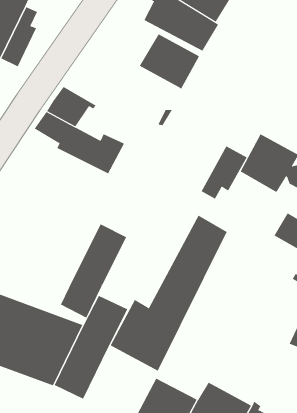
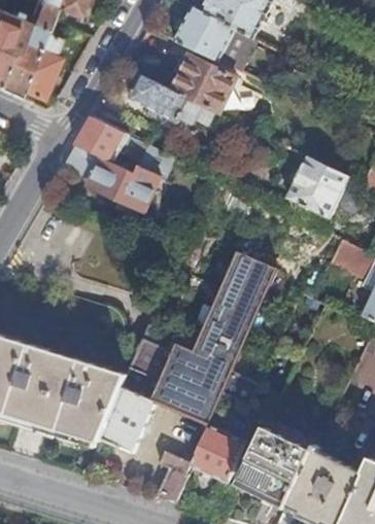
building: none -> [127,76,213,127]
building: [201,145,248,200] -> none
building: [60,223,127,319] -> none

